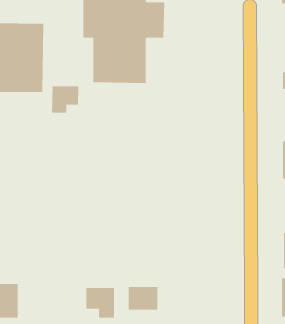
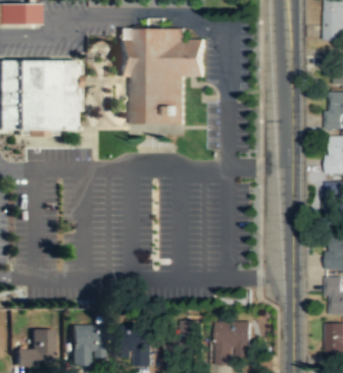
building: [52,85,79,114] -> none
building: none -> [215,322,251,359]
building: none -> [69,326,102,367]

